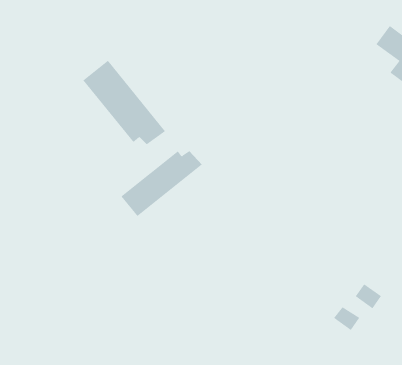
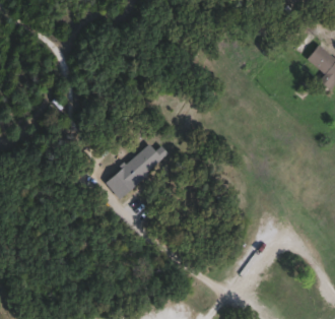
building: [83,60,166,145] -> none

